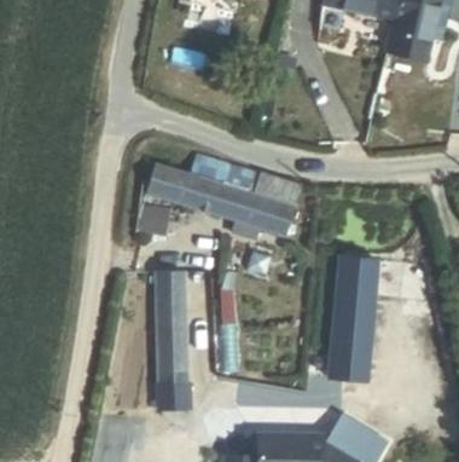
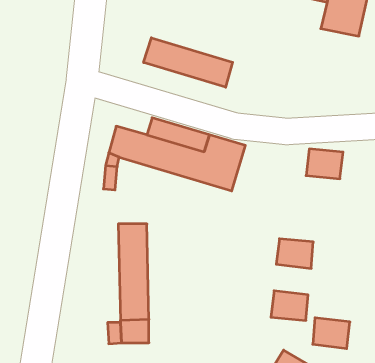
building: none -> [144,38,233,87]
building: [338,260,380,294] -> [306,149,343,179]
building: [332,319,374,354] -> [313,318,350,349]

